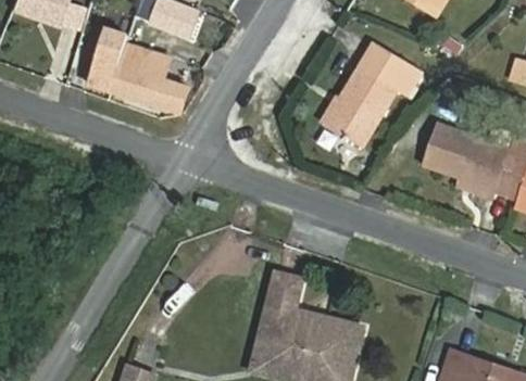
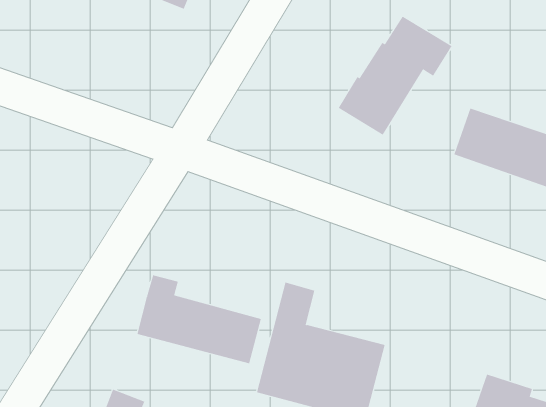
building: [88,37,188,113] -> none
building: none -> [137,274,262,364]

